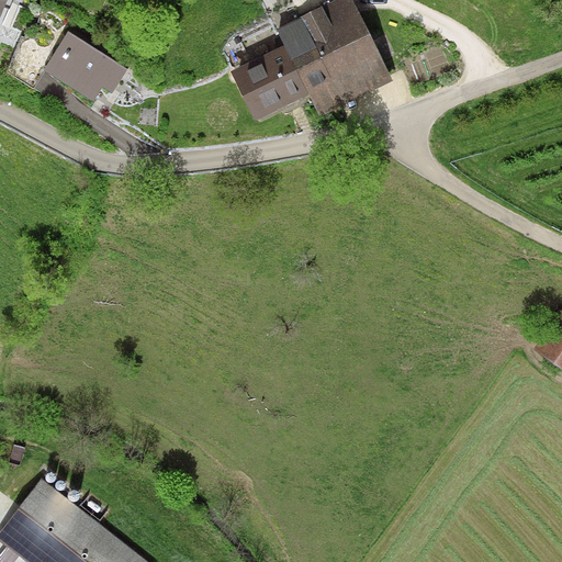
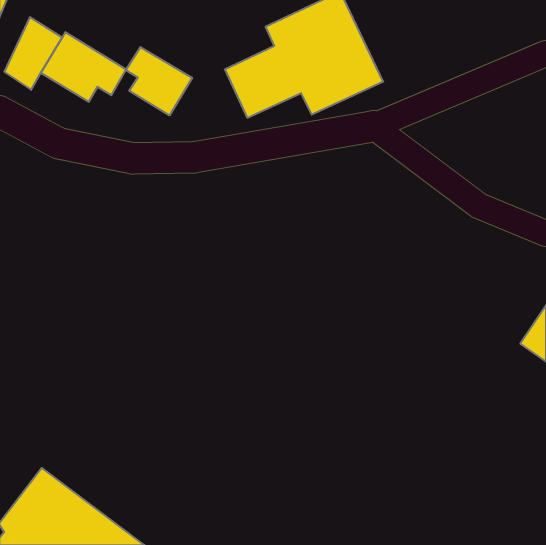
building: none -> [126,47,192,115]

